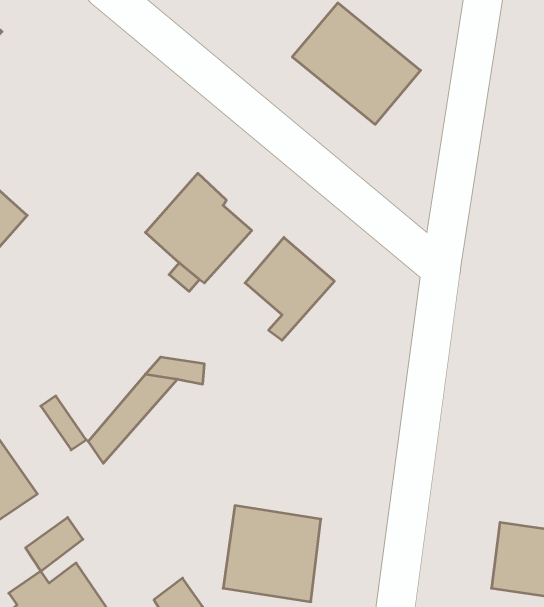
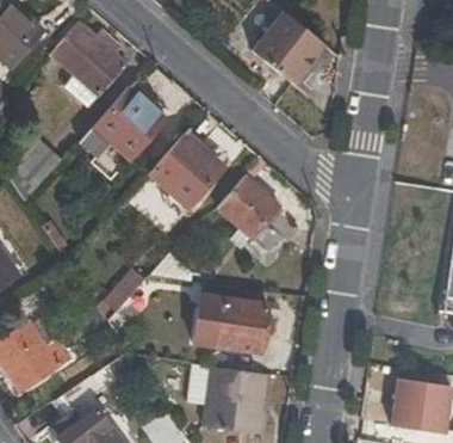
building: none -> [50,20,128,107]
building: none -> [80,86,166,160]
building: none -> [193,294,267,352]

